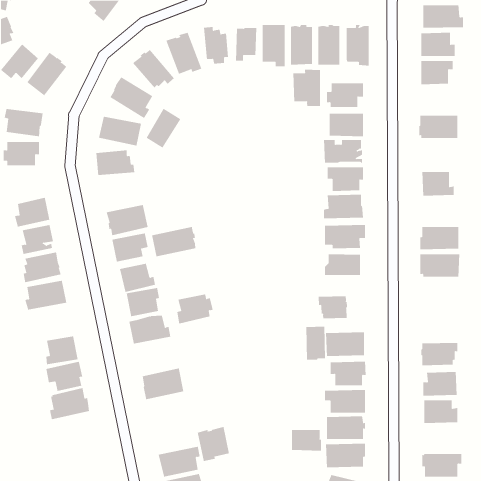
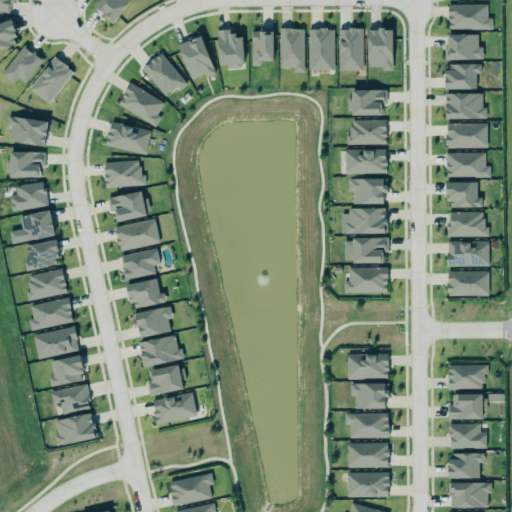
building: [293,69,320,107] -> none
building: none -> [445,92,486,119]
building: [146,108,181,149] -> none
building: none -> [446,152,490,177]
building: none -> [9,182,47,211]
building: none -> [108,192,147,223]
building: none -> [446,211,489,236]
building: [152,226,196,257] -> none
building: [177,294,213,324] -> [147,363,186,395]
building: [318,295,347,319] -> none
building: none -> [34,328,80,361]
building: [306,326,326,361] -> none
building: none -> [448,452,484,477]
building: [197,426,230,462] -> none
building: [291,429,322,452] -> none

